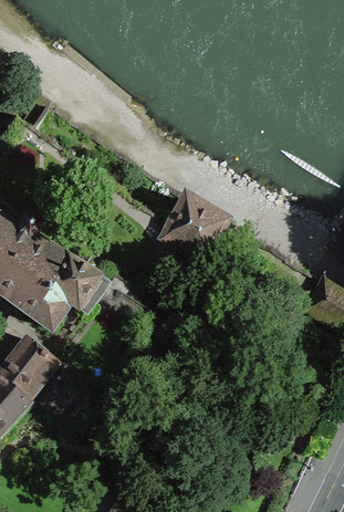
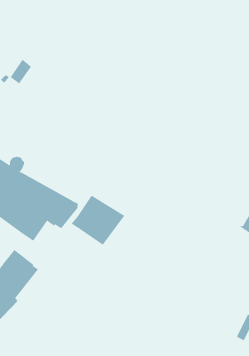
building: [159,201,228,265] -> [71,195,125,245]

